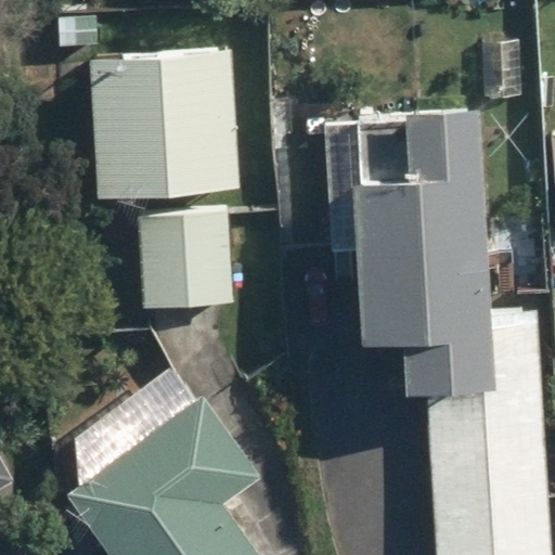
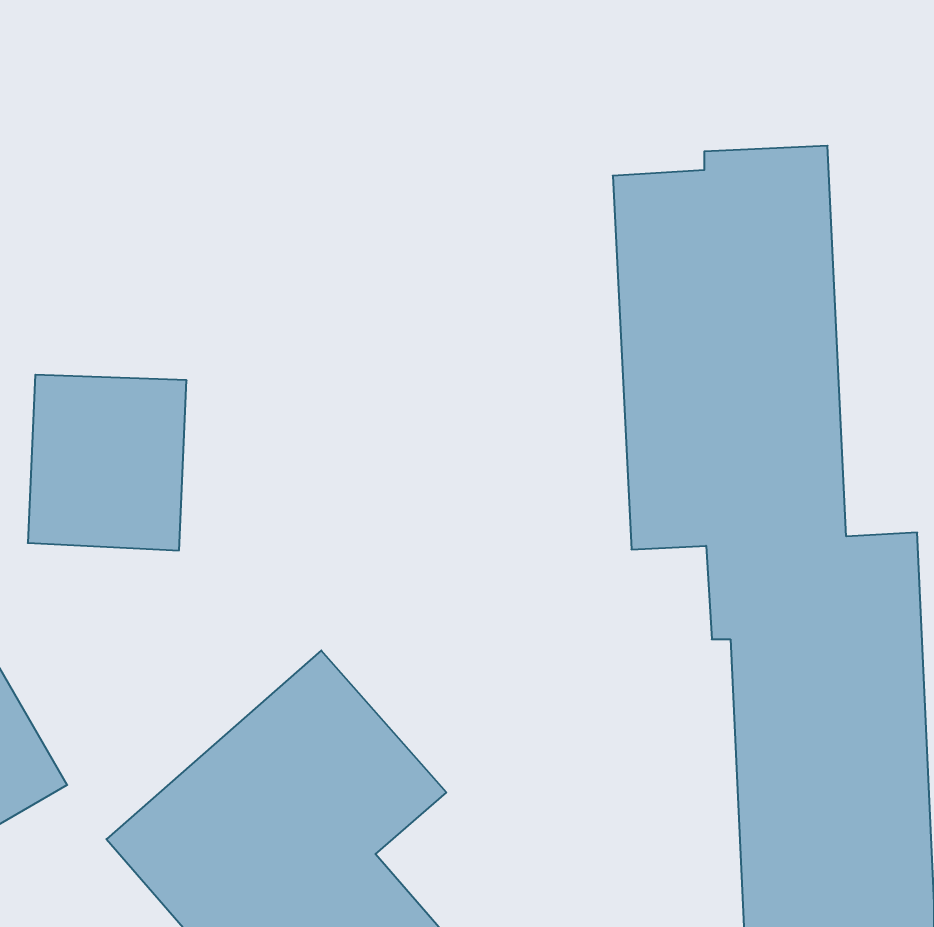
building: [86,52,234,198] -> none
building: [139,209,231,311] -> [28,375,187,550]

